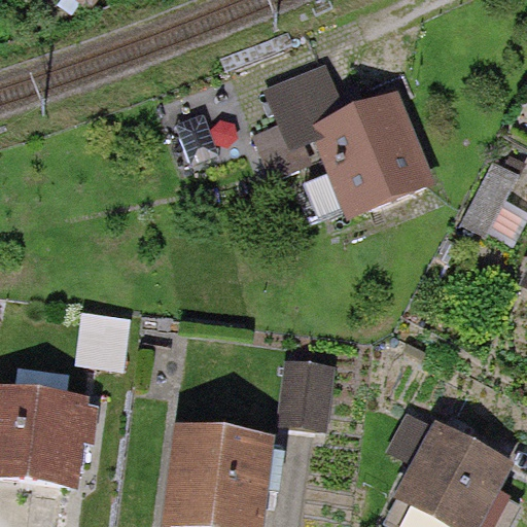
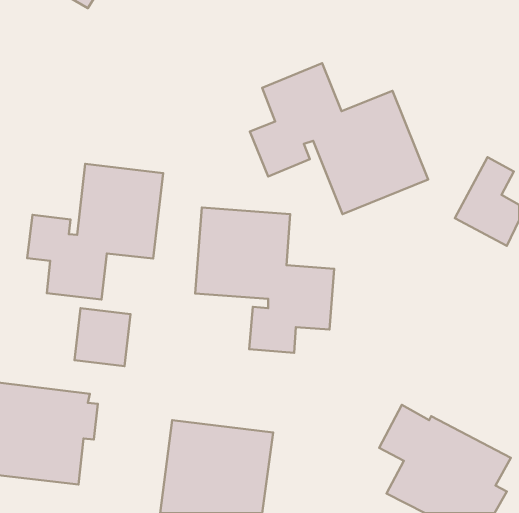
building: none -> [27,164,163,300]
building: none -> [195,207,334,353]
building: [276,361,333,431] -> none

